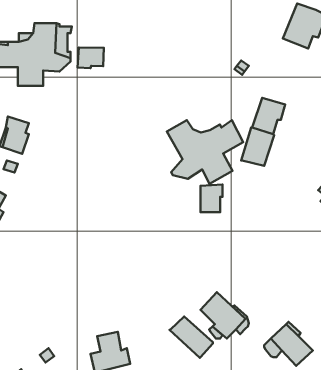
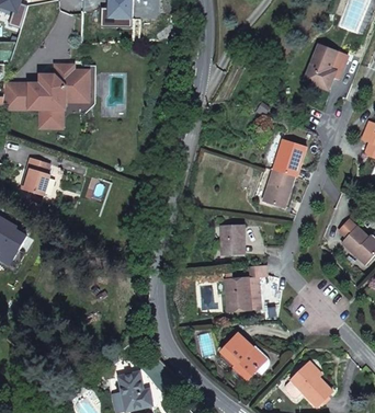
building: [78,47,104,68] -> none
building: [167,120,243,184] -> none
building: none -> [224,265,265,311]
building: [170,316,213,358] -> none

